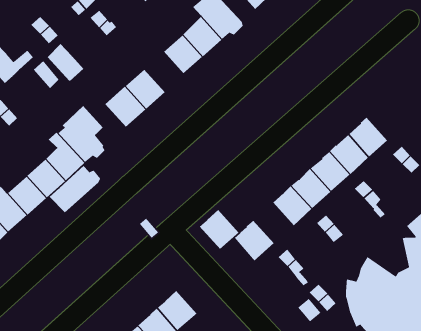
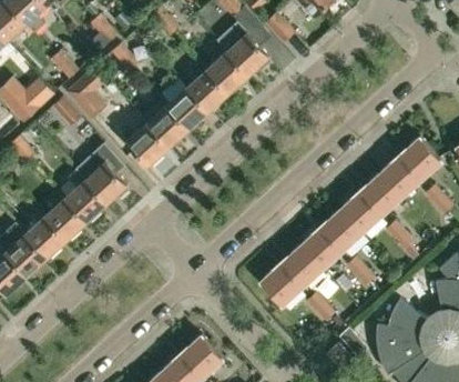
building: none -> [167,88,208,130]
building: none -> [398,137,441,180]
building: [49,165,101,213] -> none
building: [199,209,240,250] -> [280,244,323,286]

